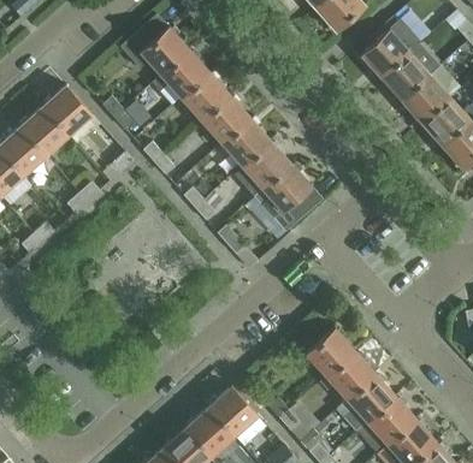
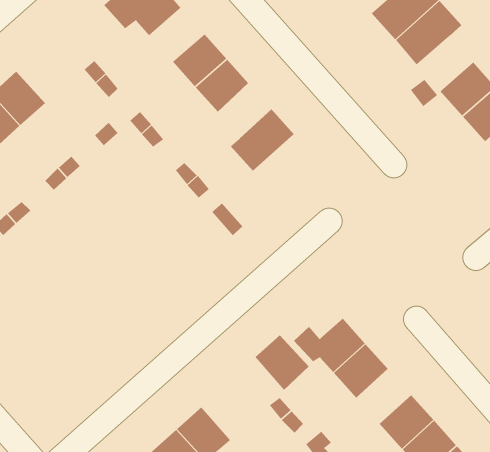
building: [153,49,211,97] -> none
building: [401,75,451,124] -> none
building: [42,84,91,135] -> none
building: [223,117,271,166] -> none
building: [254,162,323,232] -> none
building: [347,373,396,422] -> none
building: [208,386,258,437] -> [254,334,309,391]

